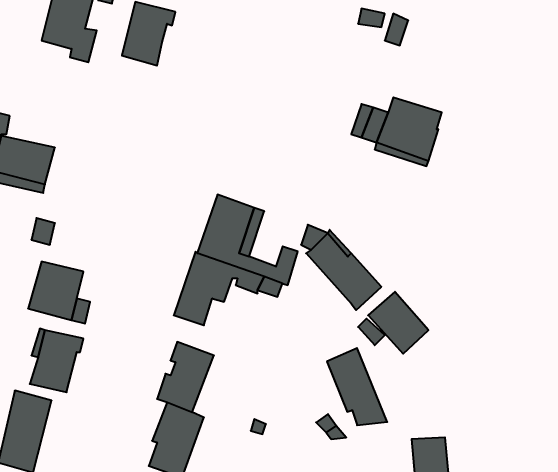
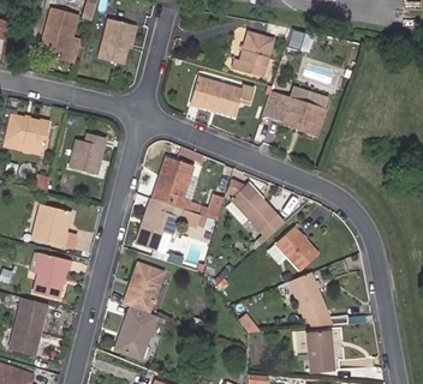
building: none -> [234,30,274,76]
building: none -> [191,76,255,115]
building: none -> [70,132,106,173]
building: [327,348,387,425] -> [290,271,333,326]

